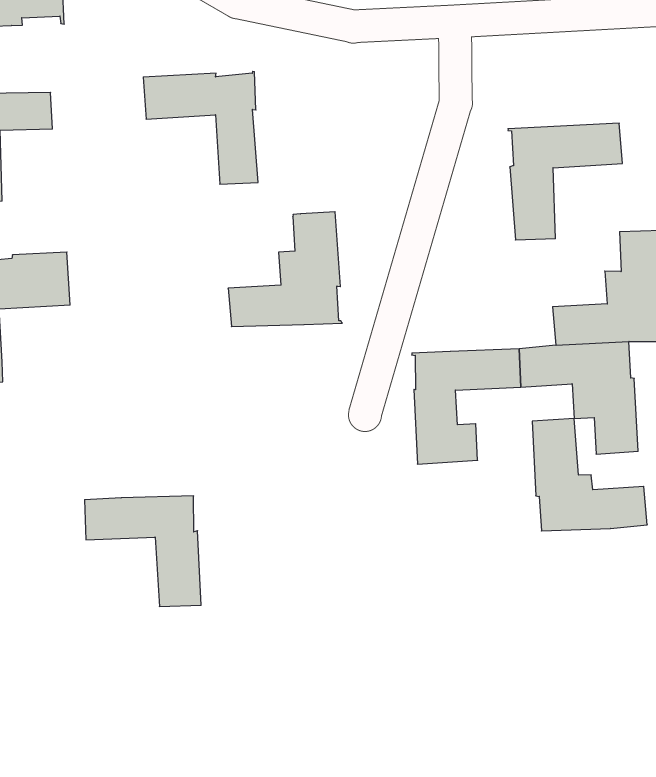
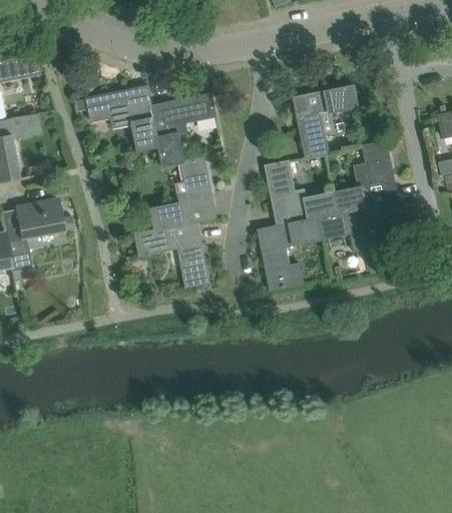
building: none -> [149,92,215,166]
building: [532,418,647,531] -> [265,159,337,224]
building: [85,496,201,606] -> [135,221,208,286]

